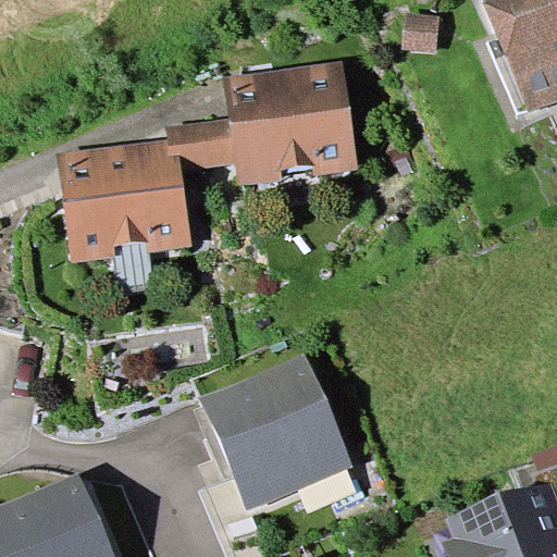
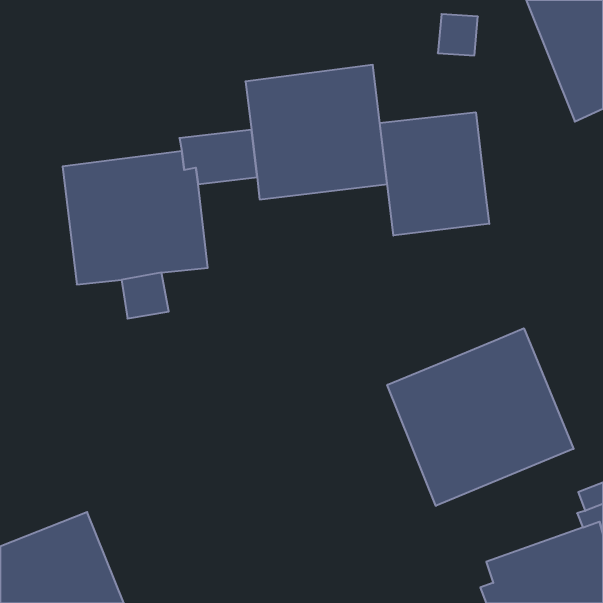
building: none -> [380,112,489,236]
building: none -> [387,328,574,506]
building: [201,352,354,509] -> none

